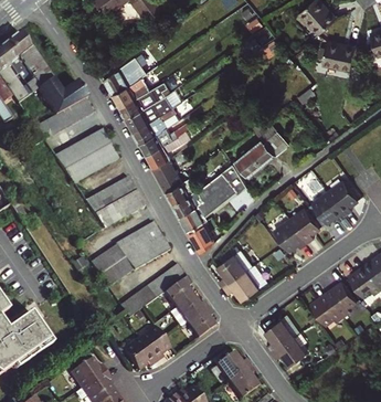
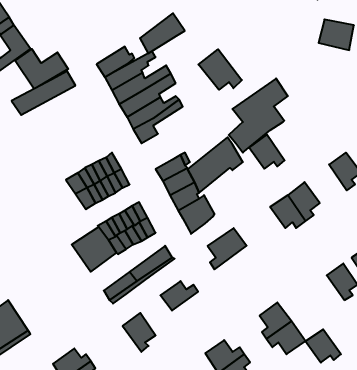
building: [106,54,148,92] -> [140,13,185,53]
building: none -> [198,49,242,90]
building: [54,128,118,182] -> none
building: [156,157,184,190] -> none
building: [315,186,348,218] -> [249,135,285,169]
building: [224,262,268,297] -> none
building: [162,274,192,308] -> none
building: [313,289,346,320] -> [306,329,341,363]
building: [184,305,214,339] -> none
building: [121,337,156,369] -> none

